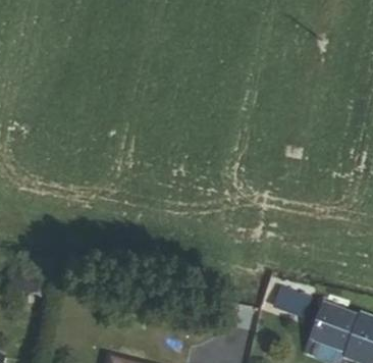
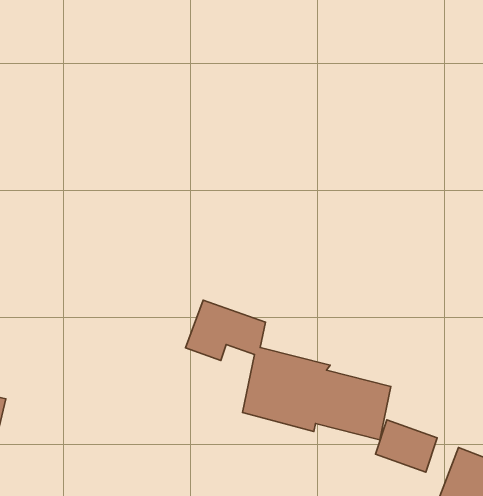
building: none -> [185,300,391,440]

